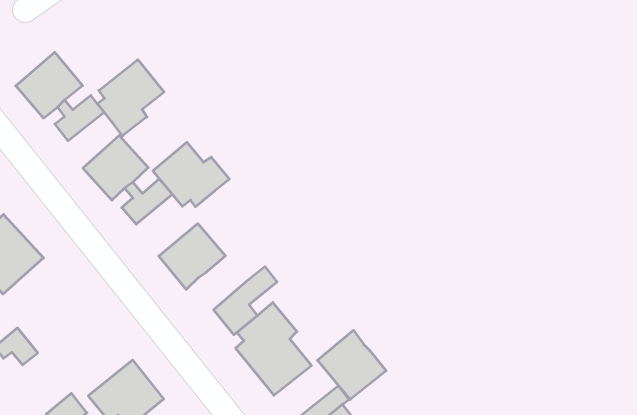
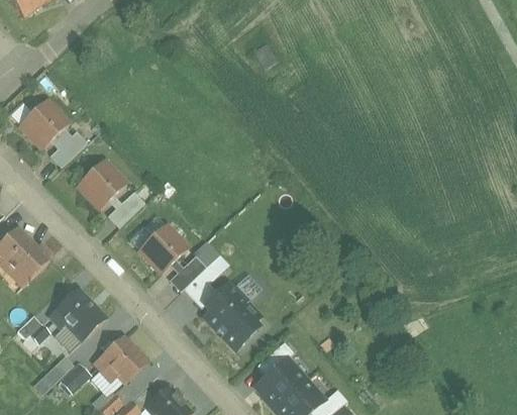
building: [97,60,164,136] -> none
building: [153,142,229,207] -> none
building: none -> [169,254,206,291]
building: none -> [47,291,103,346]
building: [317,330,386,400] -> none

